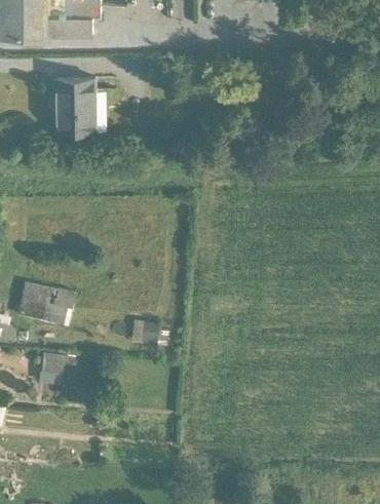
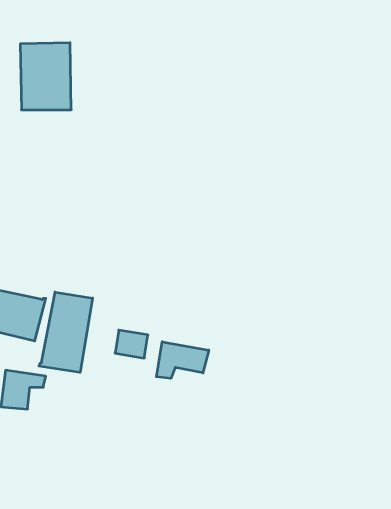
building: none -> [39,292,93,372]
building: none -> [156,342,209,378]

